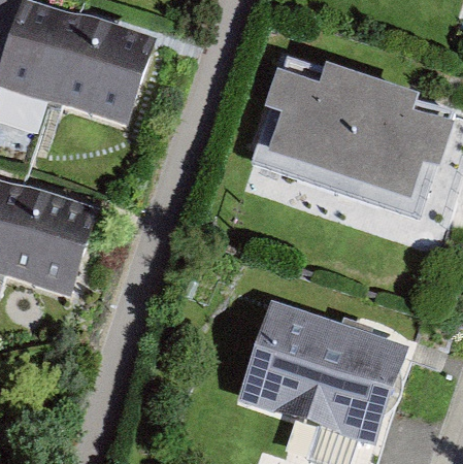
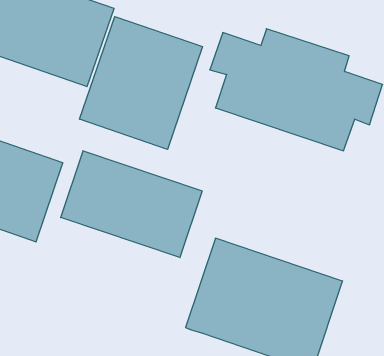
building: none -> [80,17,203,149]
building: none -> [61,151,202,258]

